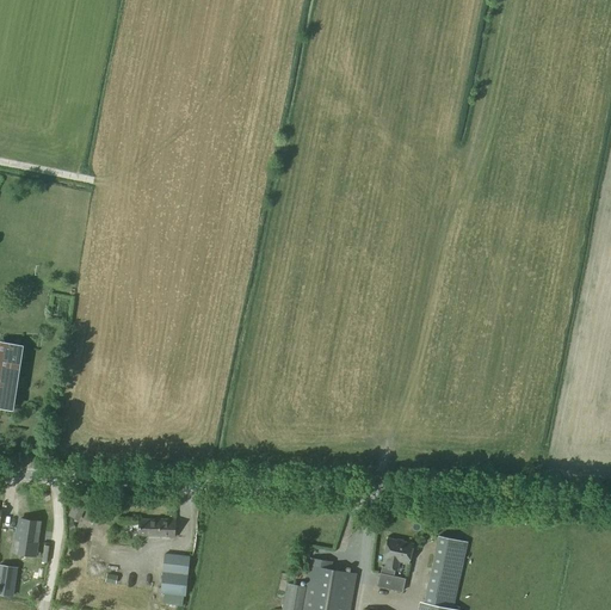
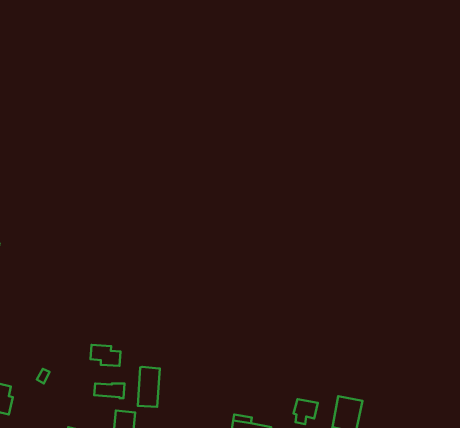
building: none -> [91,345,120,366]
building: none -> [138,367,160,407]

